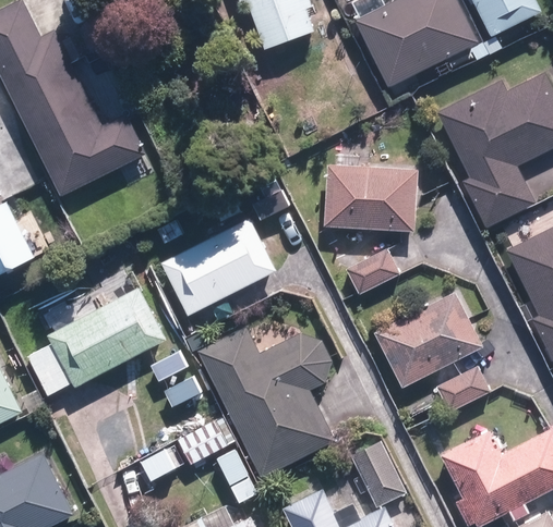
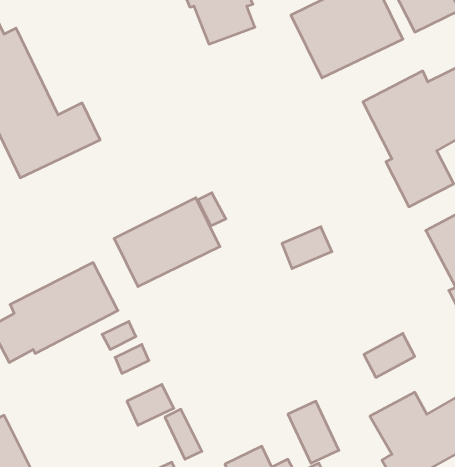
building: [320,166,419,232] -> none
building: [373,292,483,388] -> none
building: [197,329,335,478] -> none

